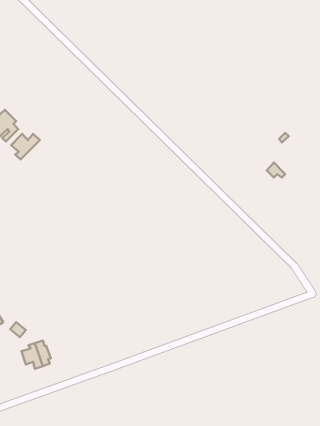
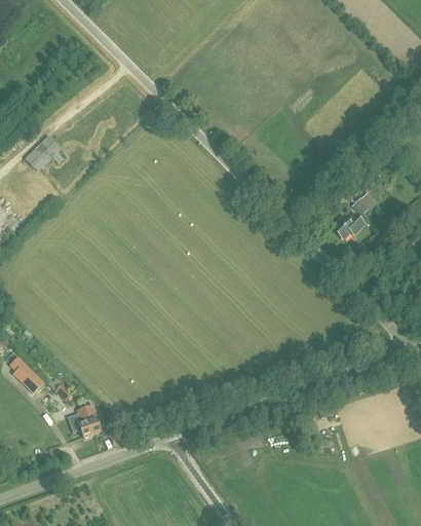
building: [11,134,40,159] -> none
building: none -> [331,214,363,238]

